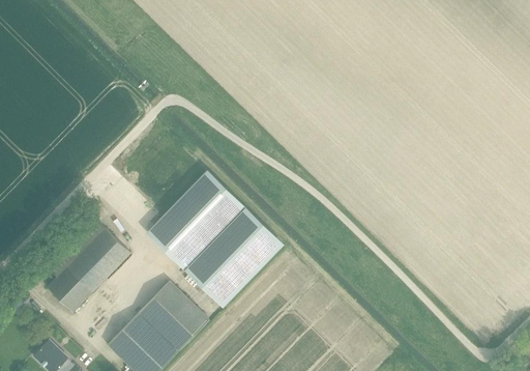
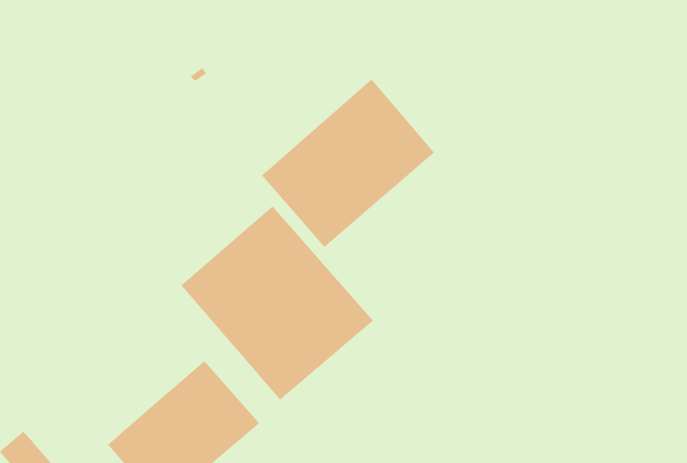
building: none -> [261,79,435,248]
building: [48,221,130,313] -> none

